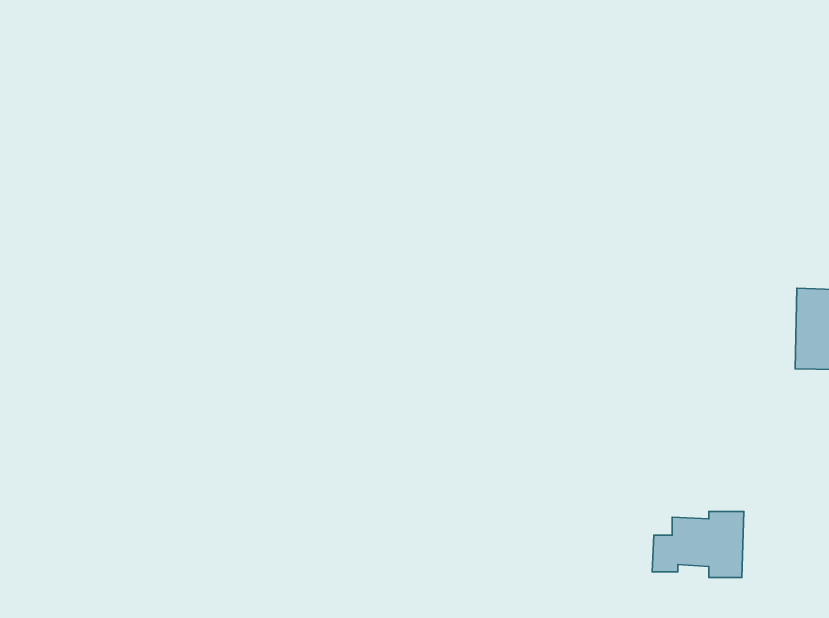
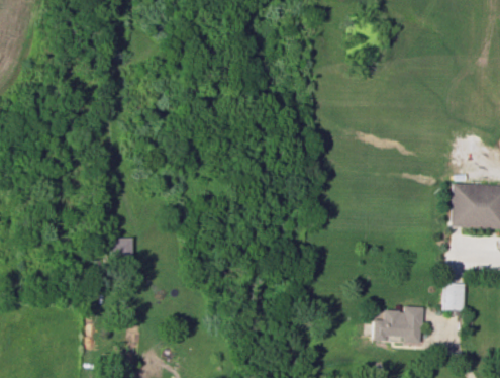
building: none -> [112,237,134,256]
building: none -> [442,282,464,309]

